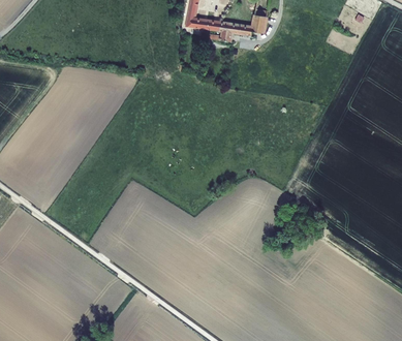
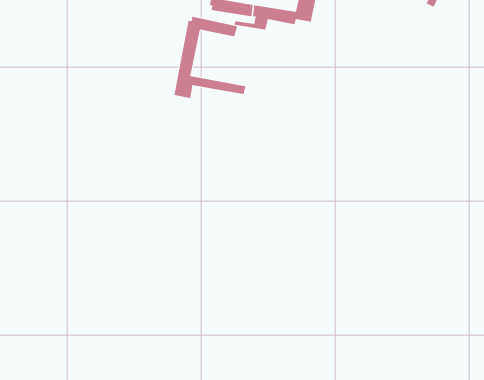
building: none -> [174,16,246,99]

